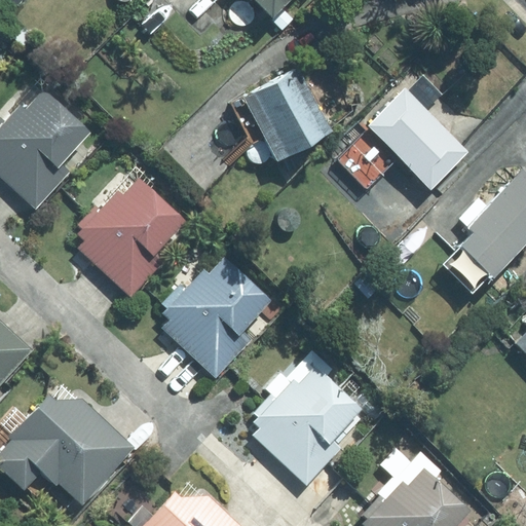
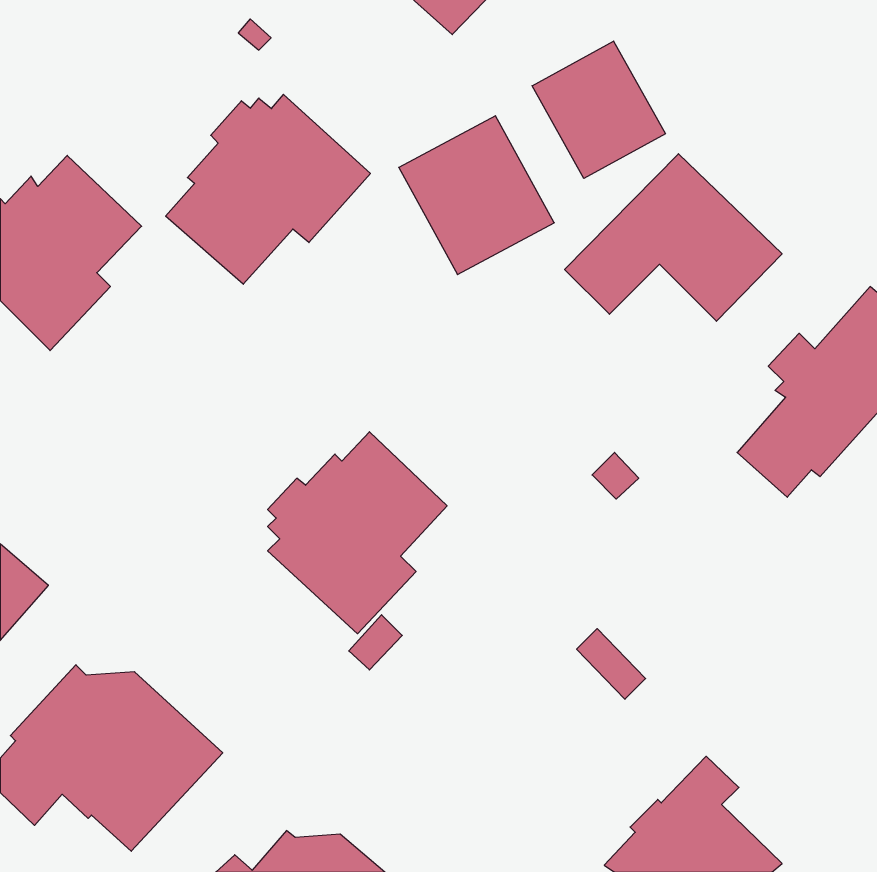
building: none -> [532,41,665,178]
building: none -> [166,94,370,284]
building: [77,180,182,296] -> none
building: [252,347,361,486] -> none

